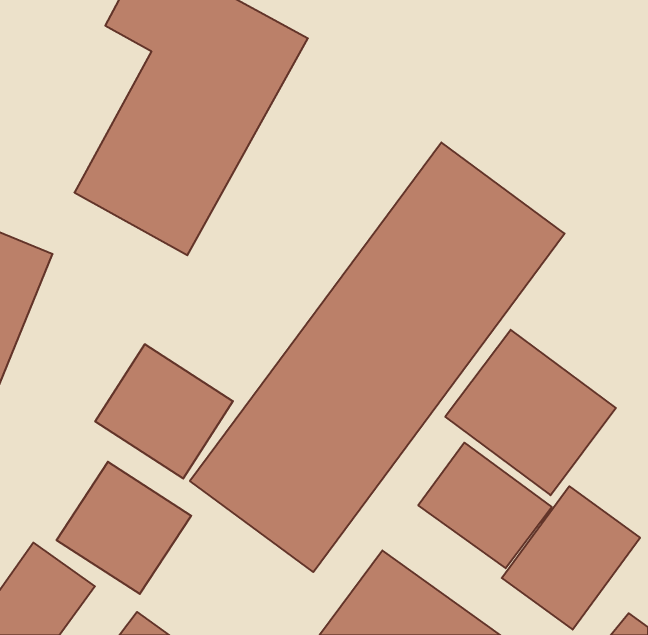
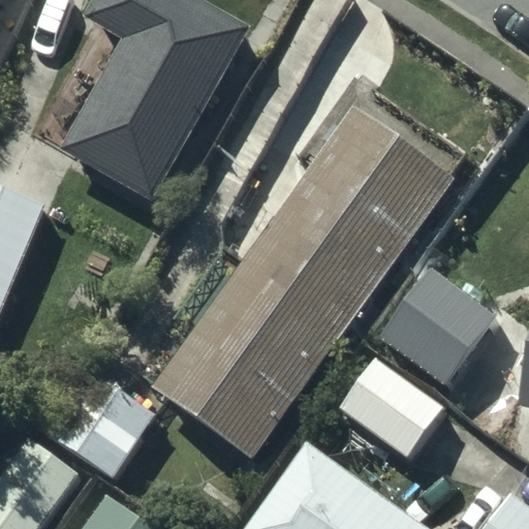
building: [95,344,233,479] -> none
building: [502,486,640,630] -> none

